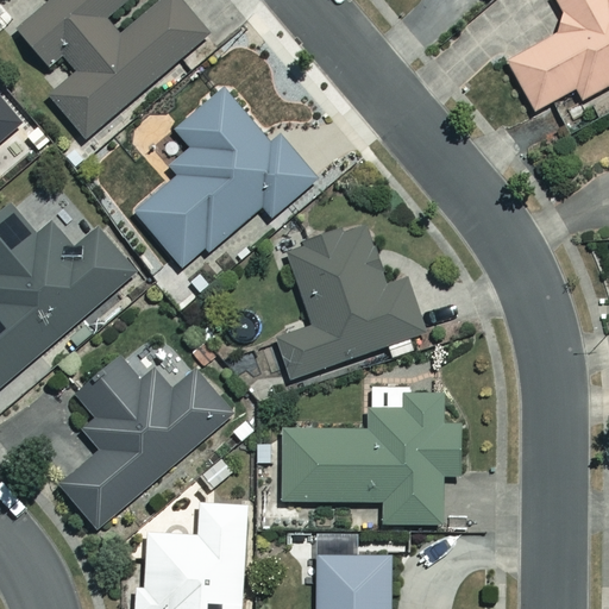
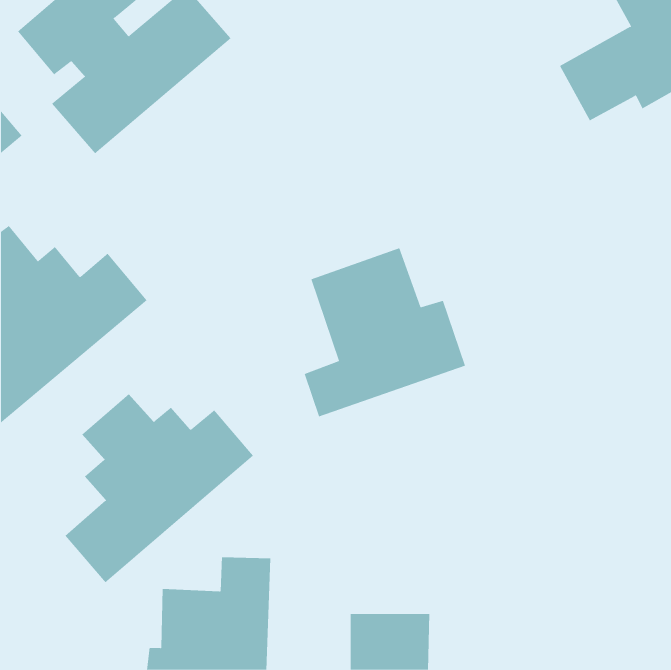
building: [131,88,315,269] -> none
building: [281,390,459,521] -> none

